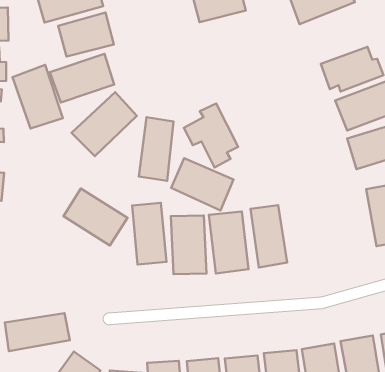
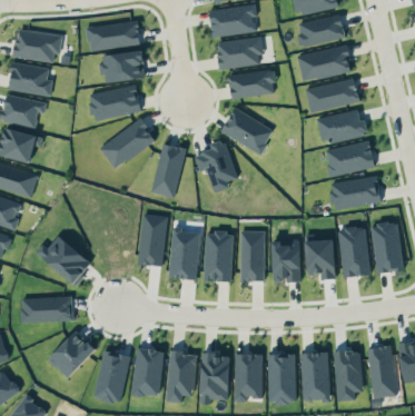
building: none -> [305,78,359,113]
building: none -> [228,69,276,99]
building: [12,65,63,128] -> none
building: [171,158,234,210] -> [220,107,274,155]
building: [63,189,127,246] -> [39,234,92,285]
building: none -> [306,240,335,279]
building: none -> [271,239,300,281]

